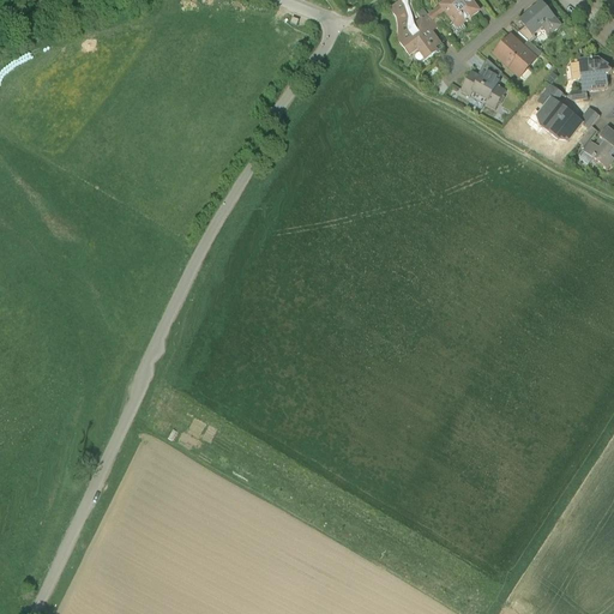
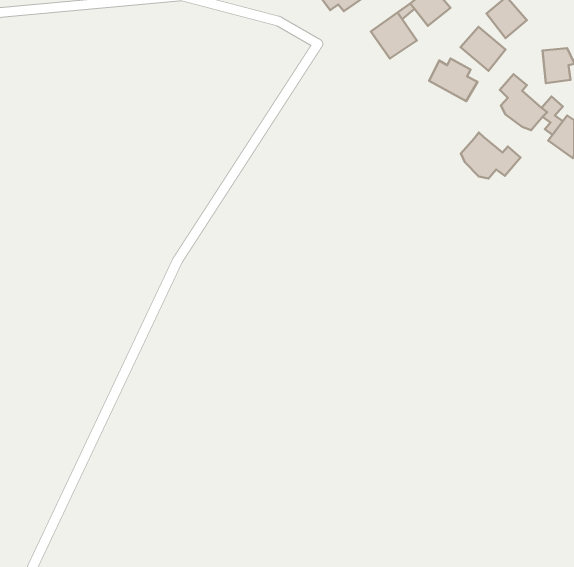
building: none -> [461,133,520,179]

